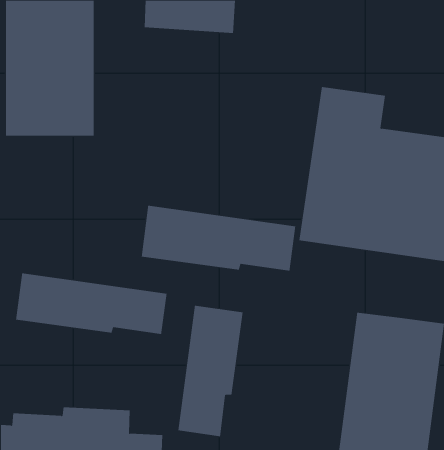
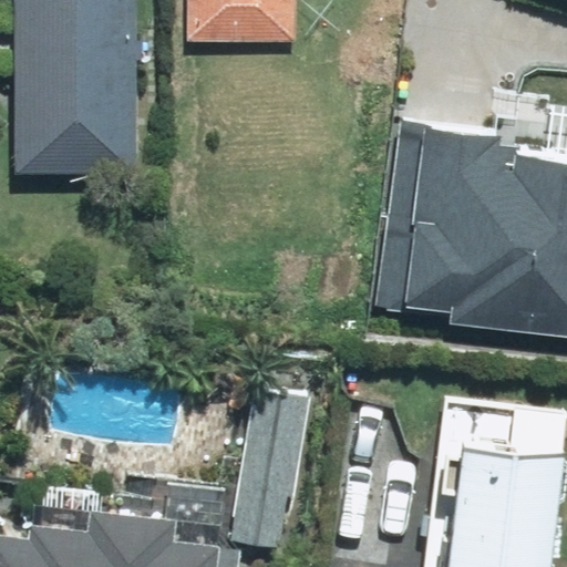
building: [141,205,296,272] -> none
building: [16,272,167,335] -> none

